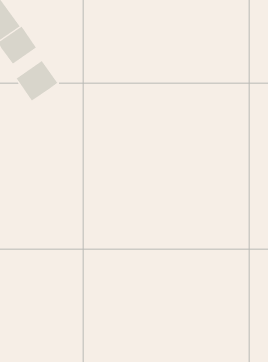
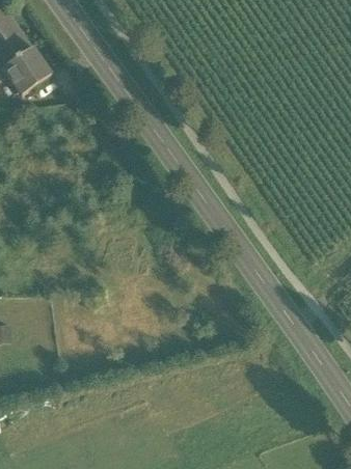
building: [16,60,58,101] -> none

